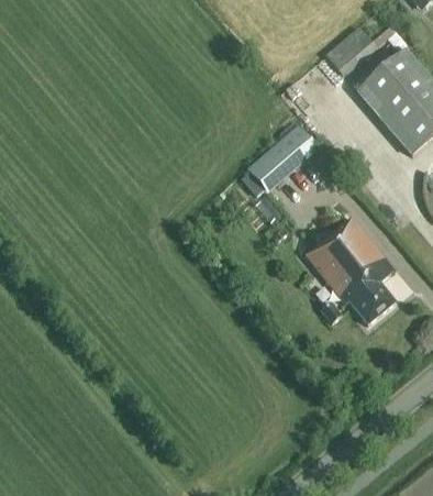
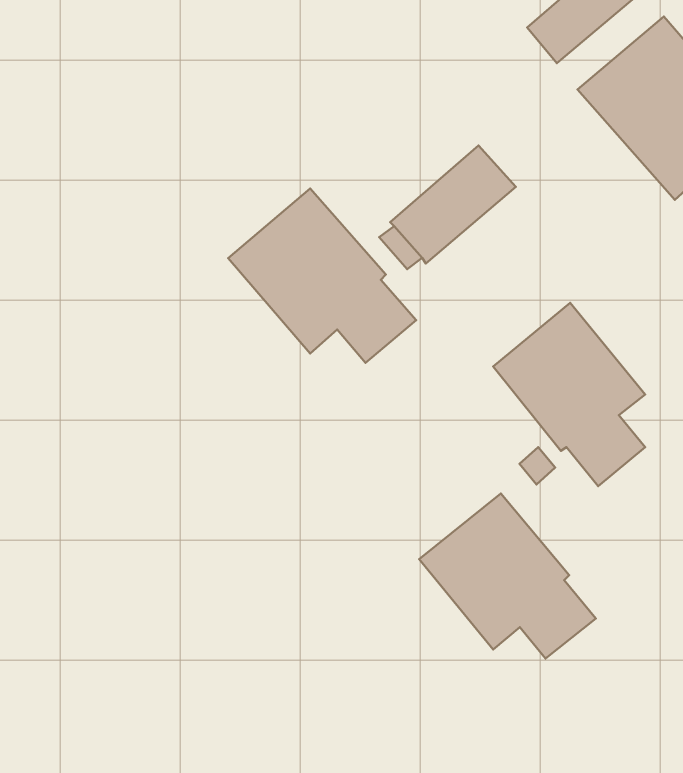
building: none -> [228,188,416,363]
building: none -> [419,493,596,659]

